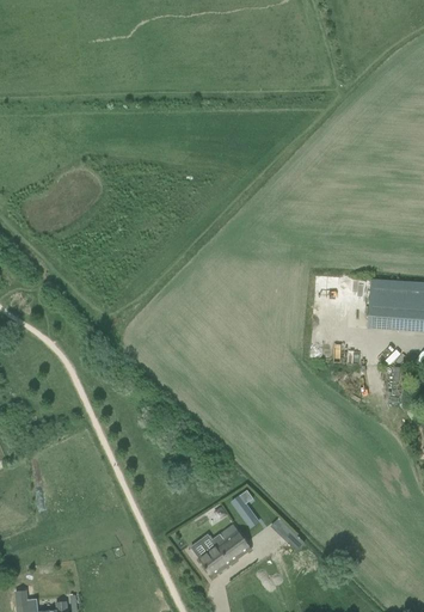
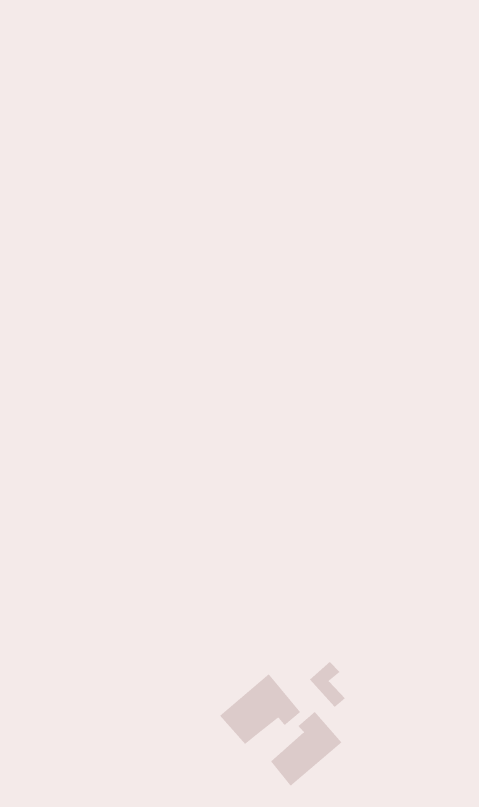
building: none -> [219,673,301,745]

